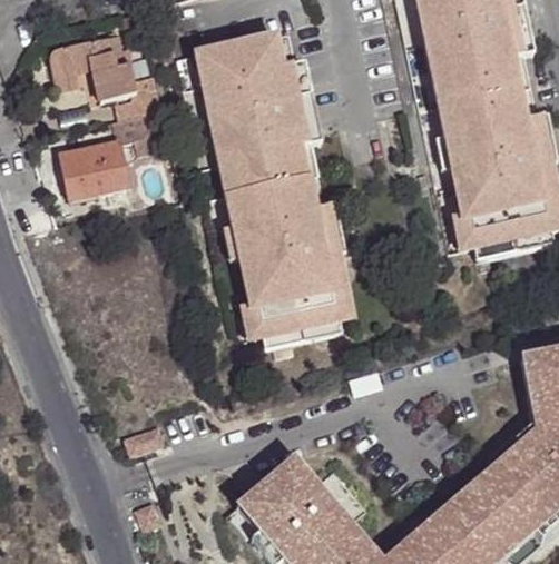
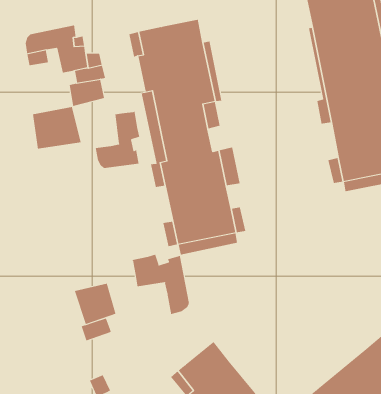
building: none -> [95,111,140,169]
building: none -> [132,254,189,315]
building: none -> [74,283,116,325]

